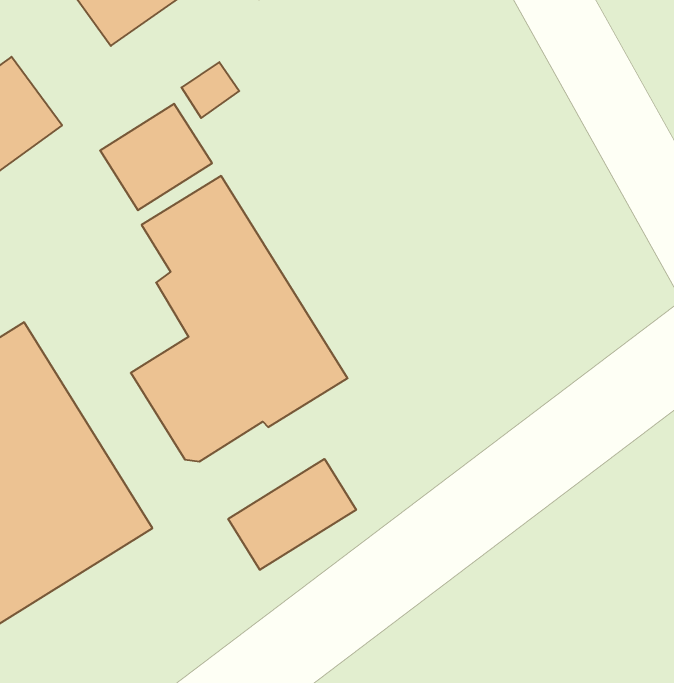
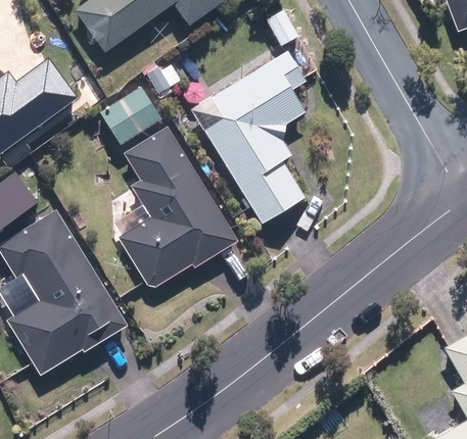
building: none -> [190,49,308,224]
building: [228,459,356,570] -> none

